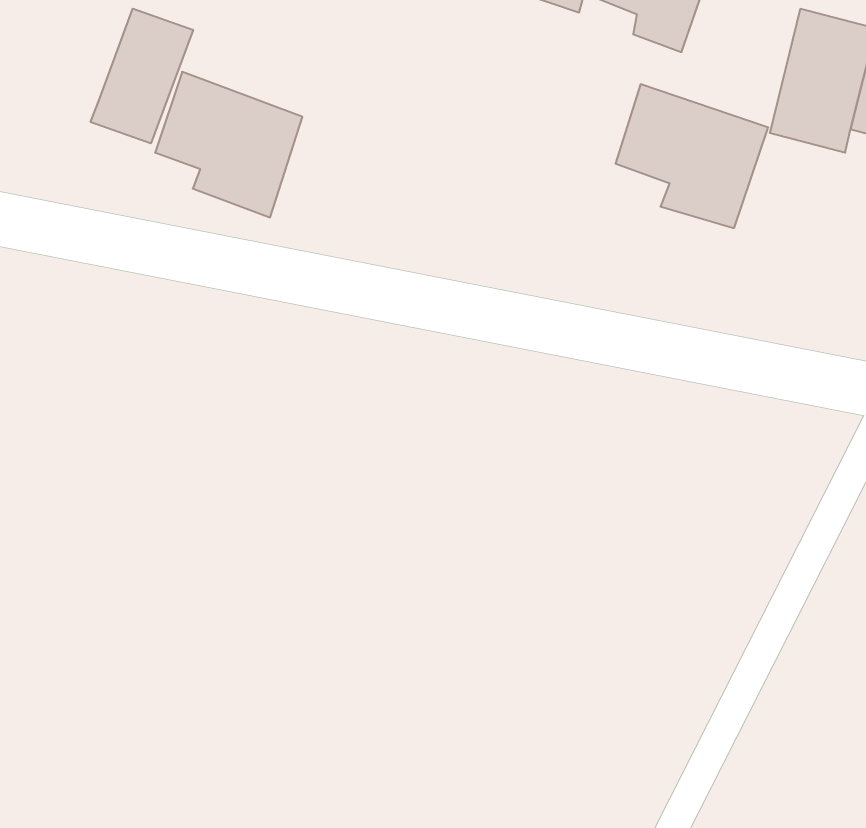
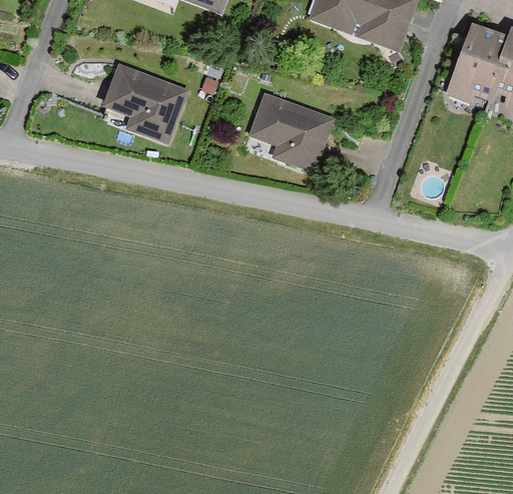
building: [91,9,193,143] -> none
building: [615,84,768,228] -> [248,92,334,172]

